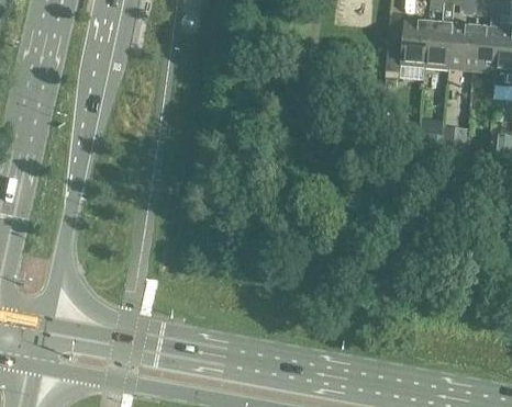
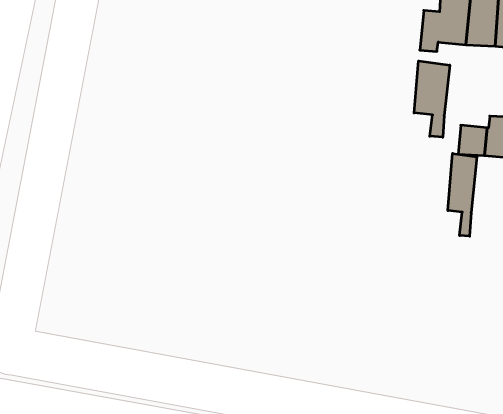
building: none -> [414,61,450,137]
building: none -> [448,153,477,236]

